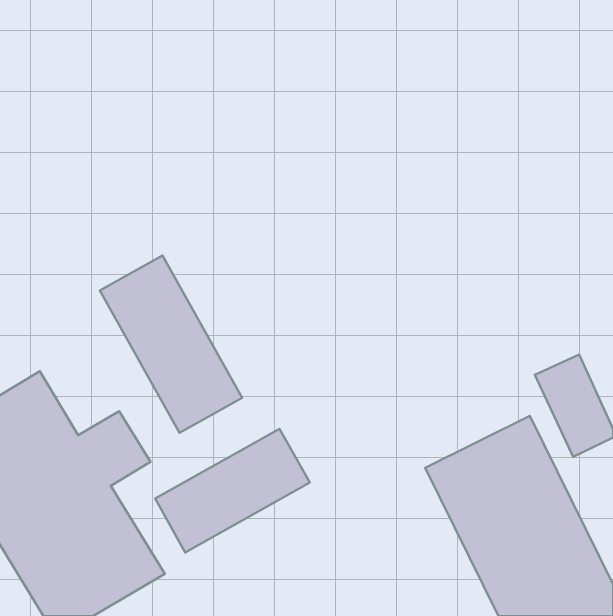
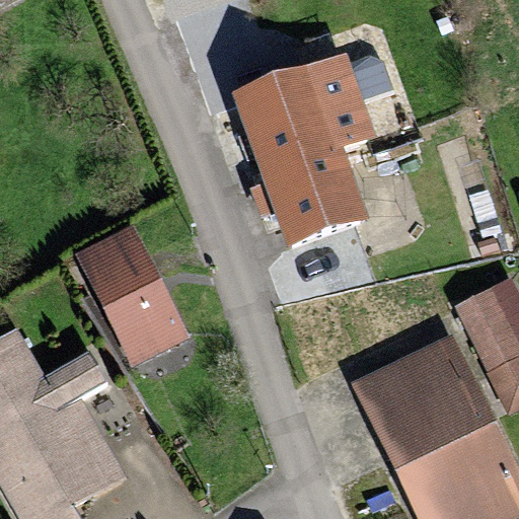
building: none -> [220,28,361,254]
building: [155,429,310,552] -> none

